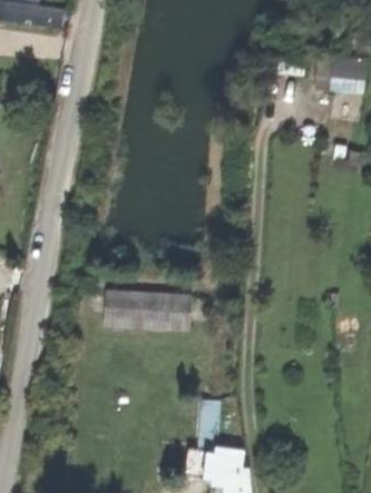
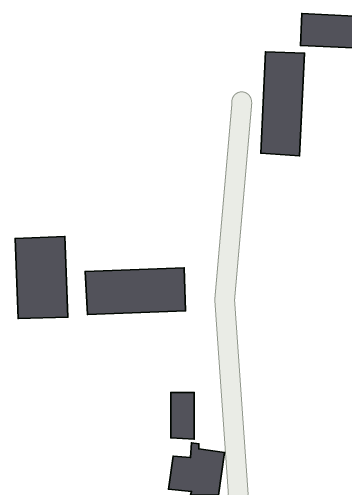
building: none -> [261,52,304,156]
building: none -> [15,236,68,318]

